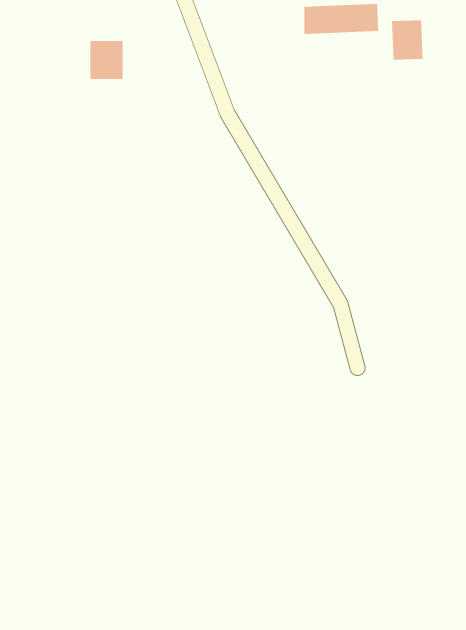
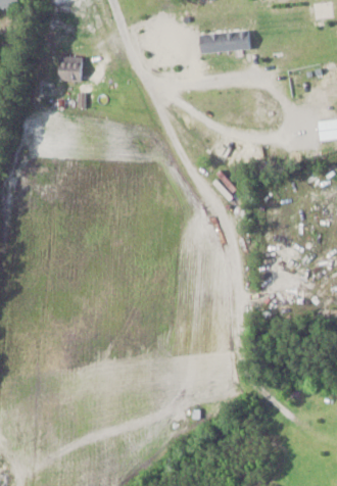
building: [391,19,423,61] -> none

